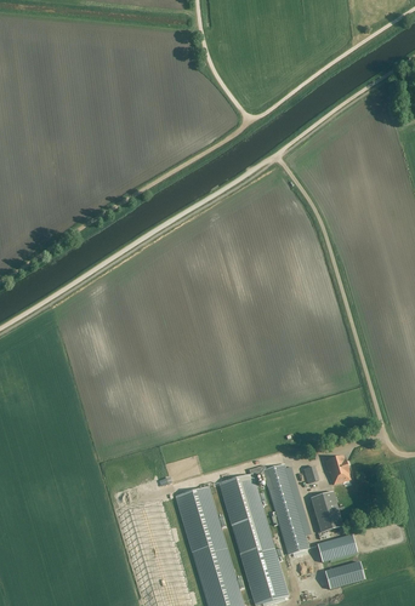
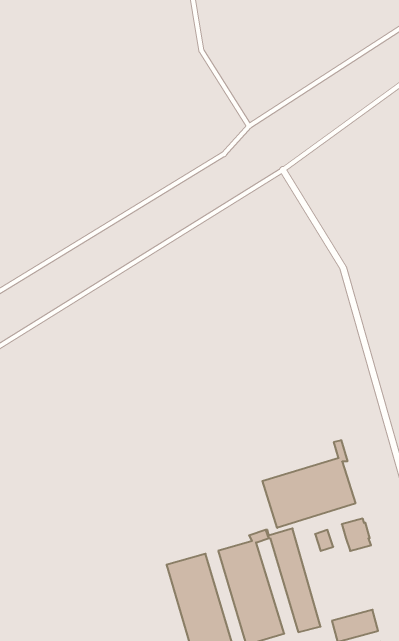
building: none -> [262,440,355,528]
building: [309,492,342,533] -> none

